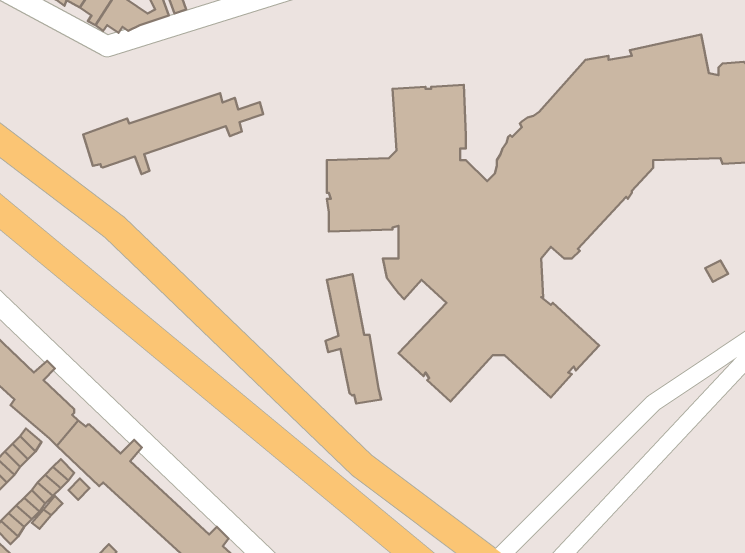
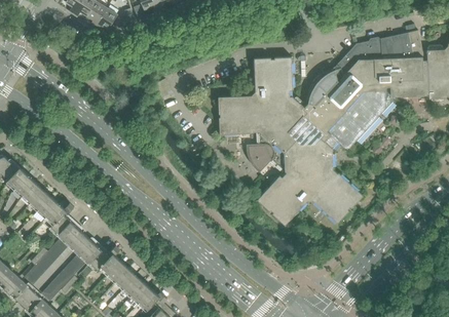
building: [83,93,263,174] -> none
building: [326,274,381,403] -> none

